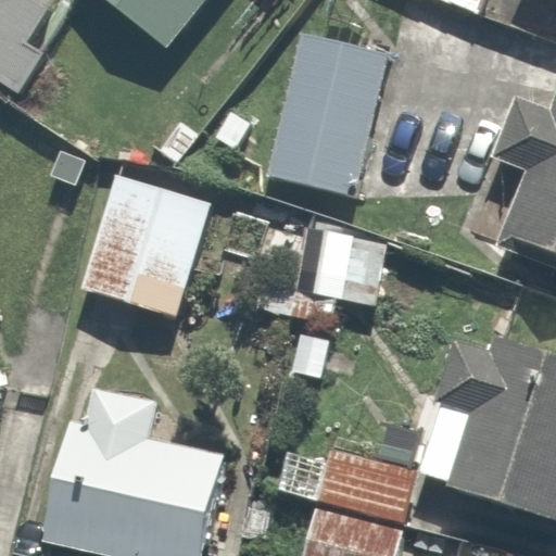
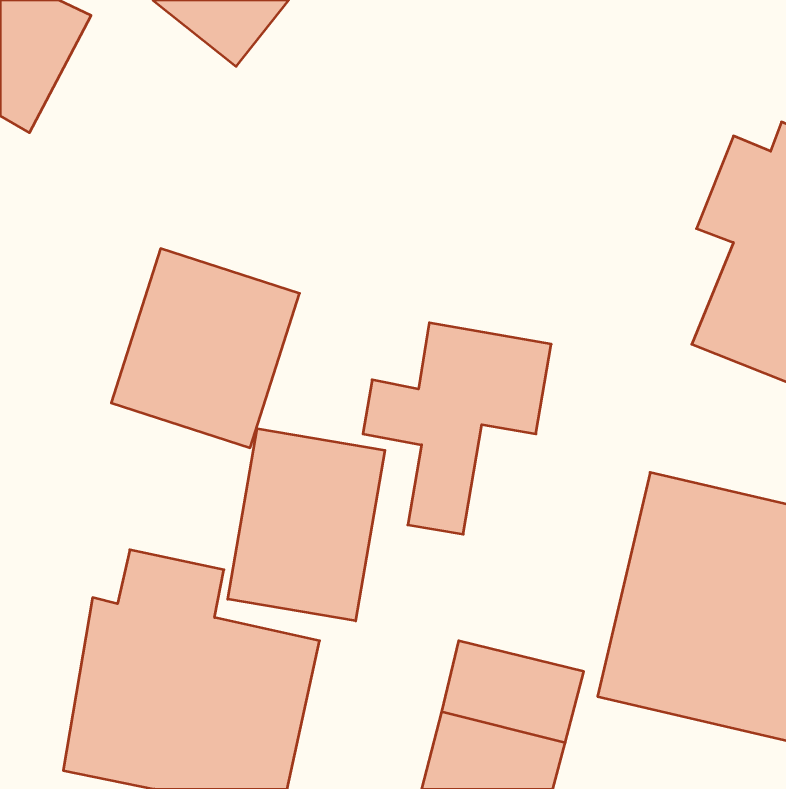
building: [267,31,380,191] -> none
building: none -> [228,429,385,621]

